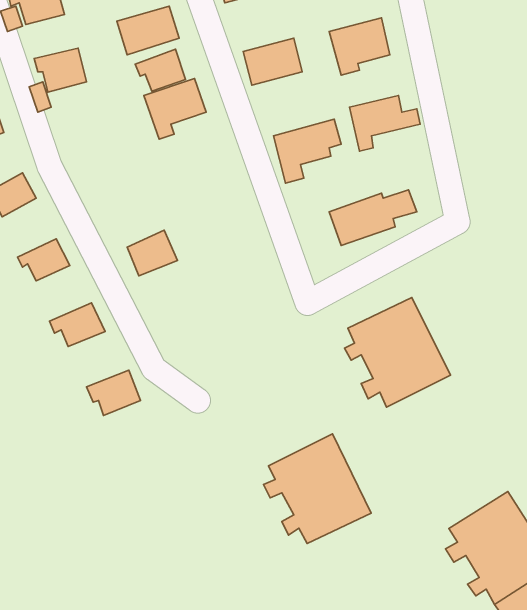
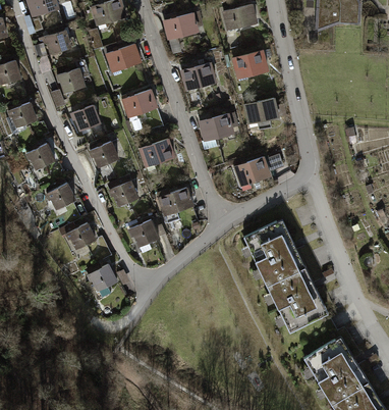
building: [135,49,186,91] -> [69,105,100,131]
building: none -> [140,139,176,175]
building: none -> [88,141,118,166]
building: none -> [158,188,190,215]
building: none -> [127,219,159,254]
building: [263,434,371,543] -> [264,266,329,332]

